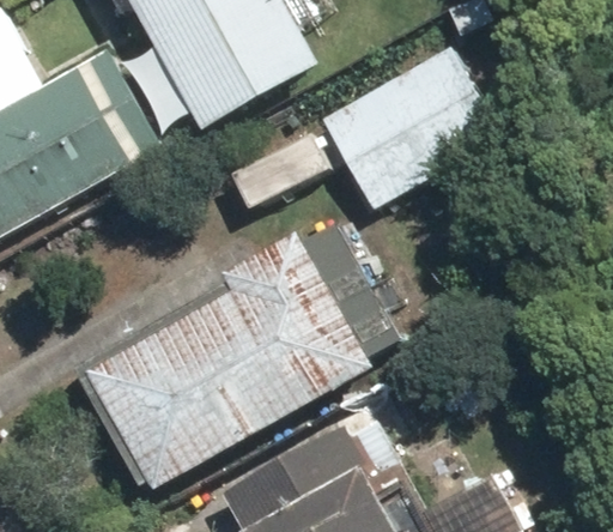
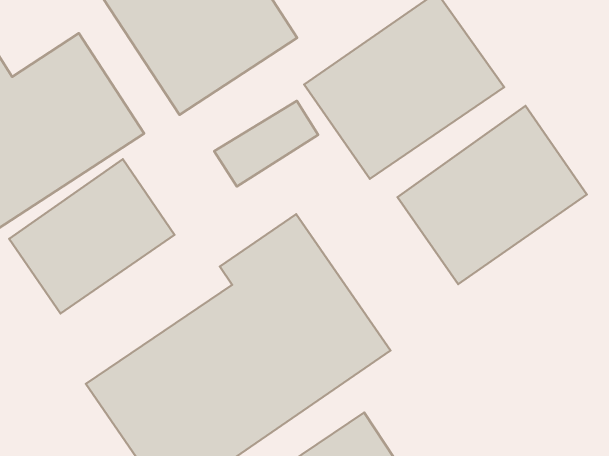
building: none -> [398,106,587,284]
building: none -> [9,159,175,313]

